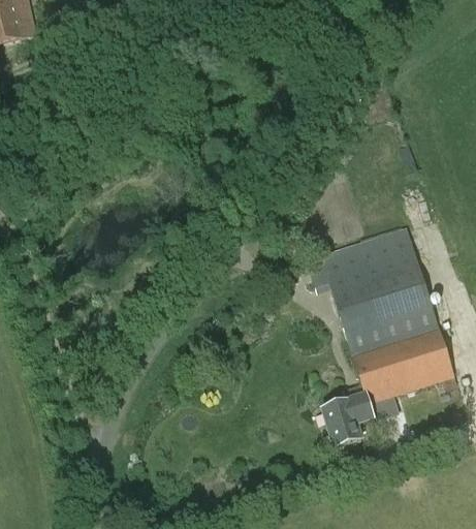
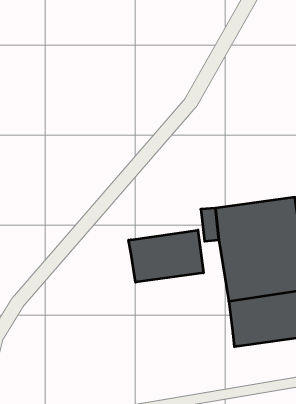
building: none -> [129,230,203,282]
building: [322,390,375,447] -> none

